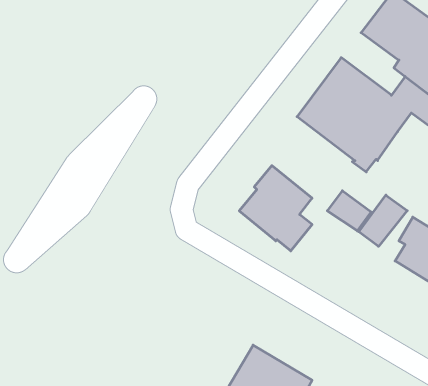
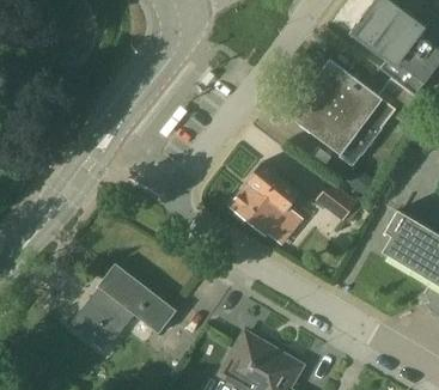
building: [359,195,407,246] -> none
building: none -> [71,262,176,352]

